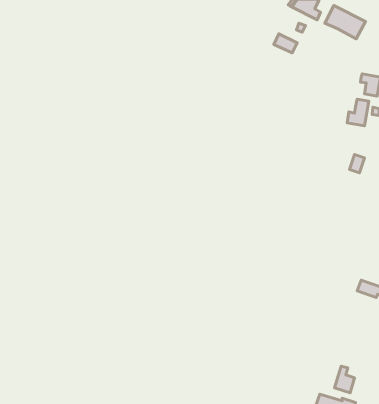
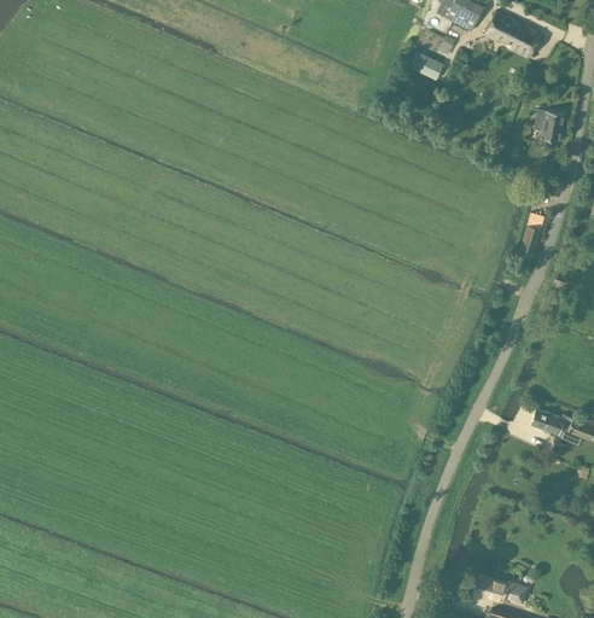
building: [347,99,369,126] -> none
building: [335,366,355,393] -> none

